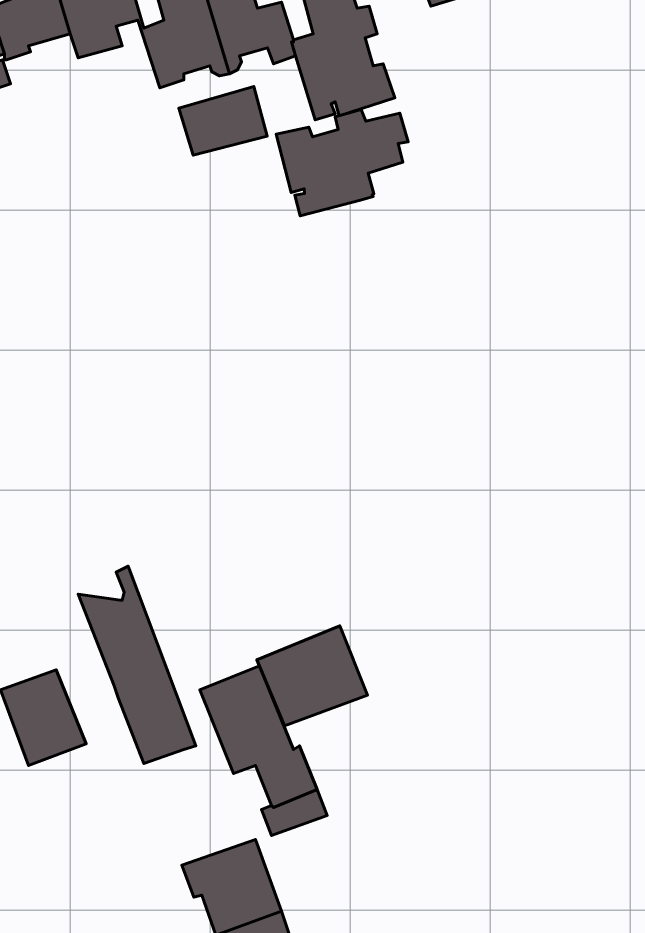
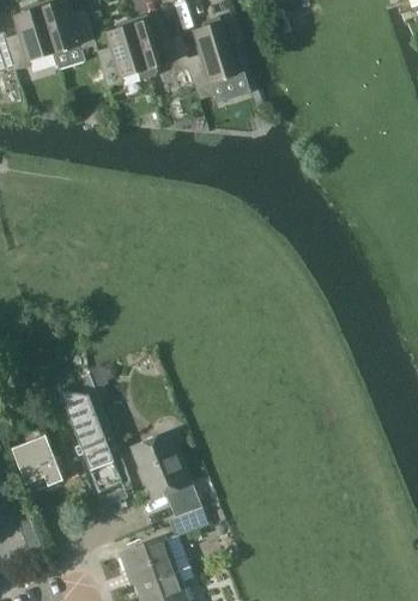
building: [179,87,267,155] -> none
building: [276,109,408,216] -> none
building: [257,626,367,726] -> none

